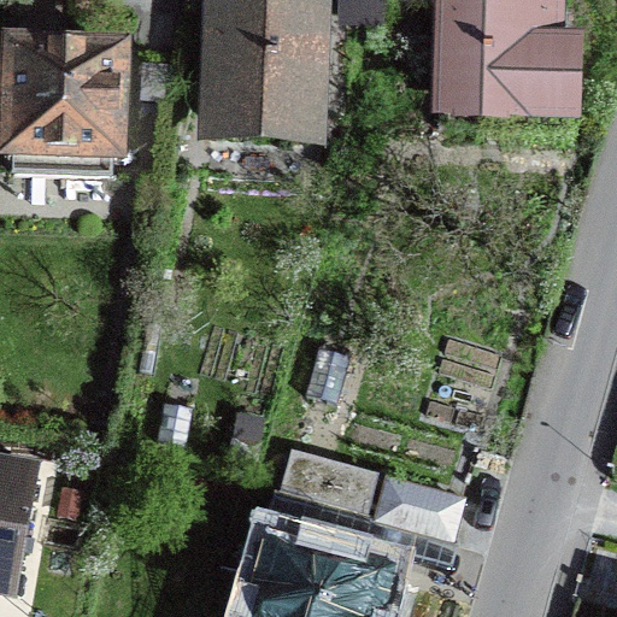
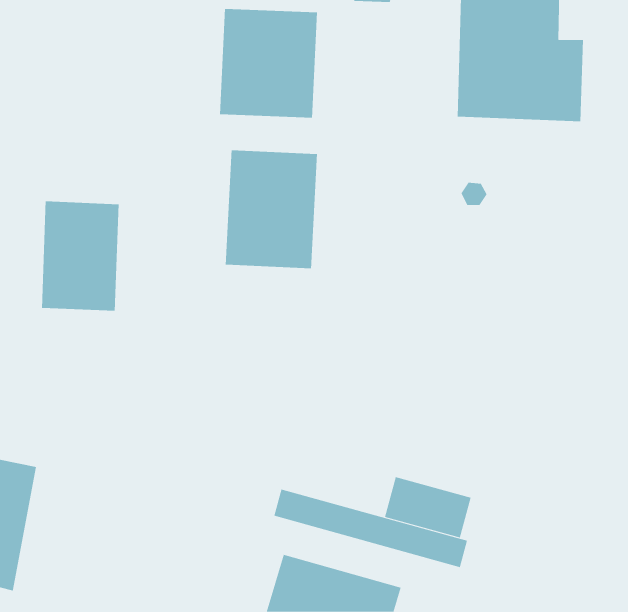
building: [7,36,119,164] -> none
building: none -> [225,150,317,269]
building: none -> [41,201,119,312]

